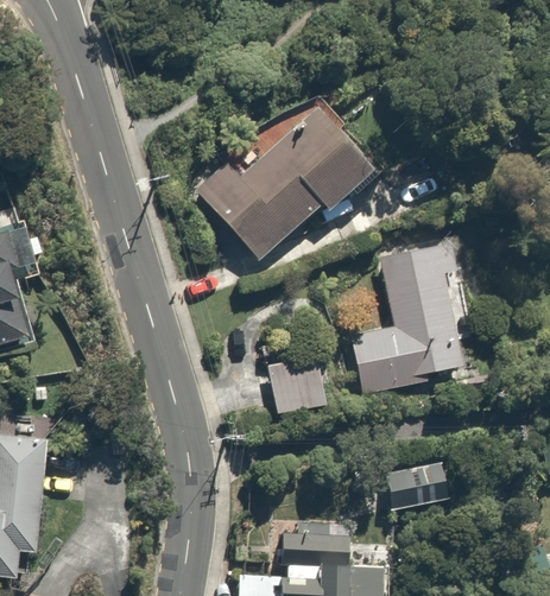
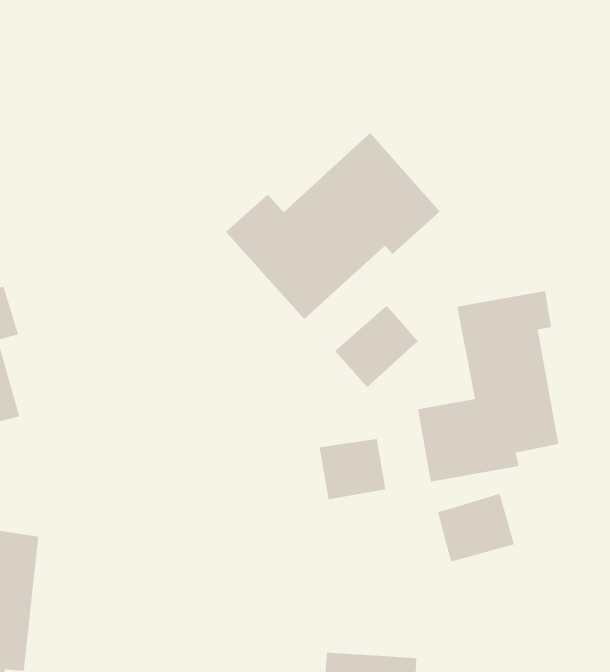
building: none -> [334,305,419,388]
building: [383,454,445,509] -> [437,493,515,562]

